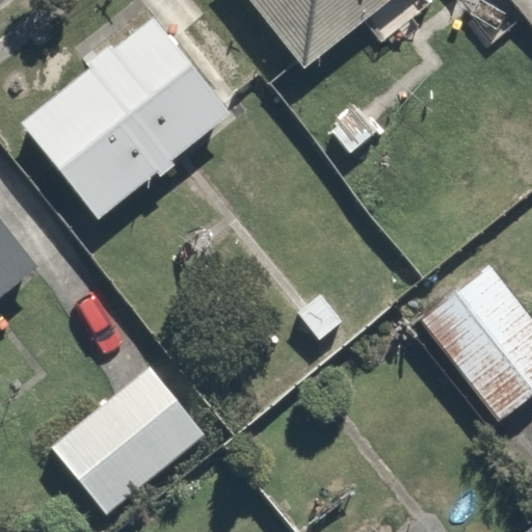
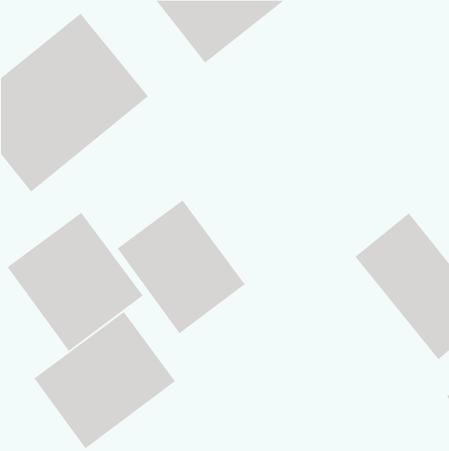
building: none -> [117,200,245,334]
building: none -> [7,212,144,352]

